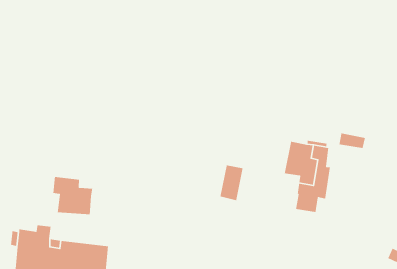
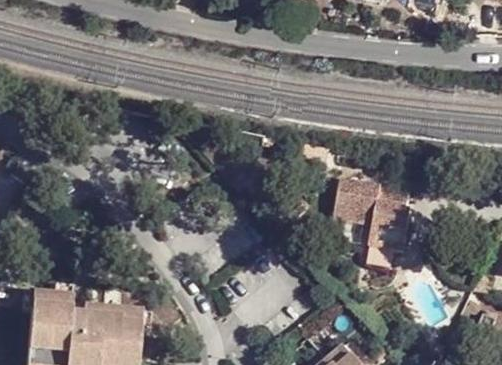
building: [219,165,244,201] -> [333,178,362,222]
building: [52,176,93,215] -> none

